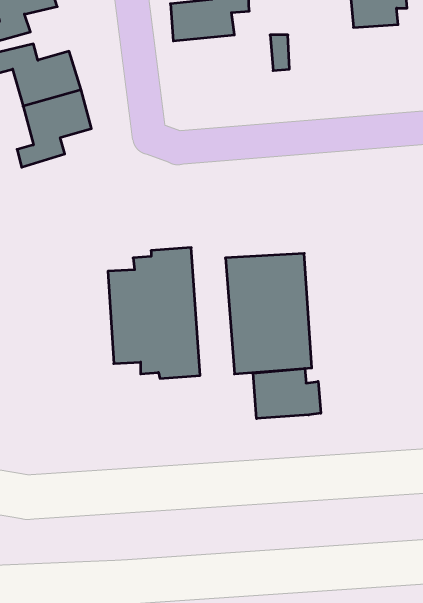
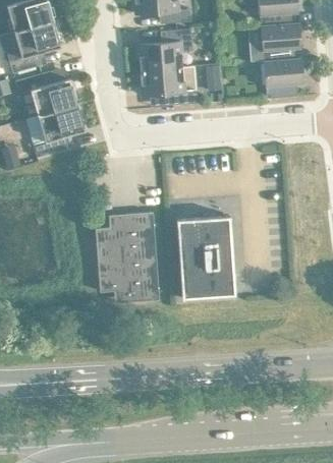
building: none -> [263,58,302,98]
building: none -> [140,66,196,105]
building: [253,368,321,419] -> none

